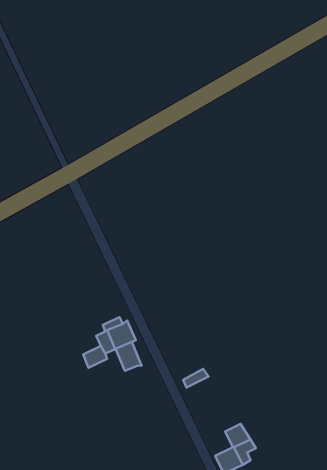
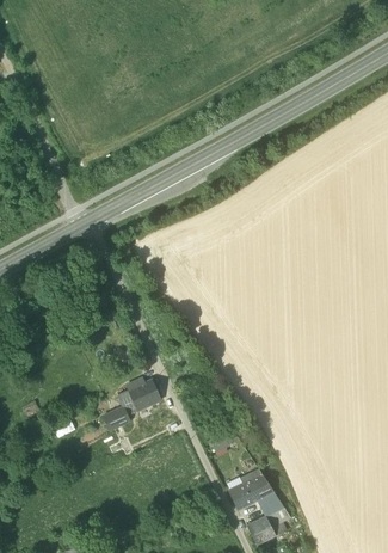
building: [115,342,142,371] -> none
building: none -> [229,468,273,509]

